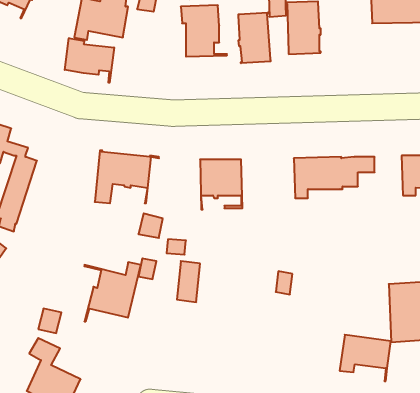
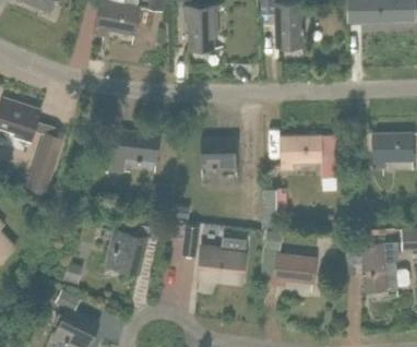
building: [238,12,271,63] -> none
building: [65,38,114,83] -> none
building: none -> [199,237,247,282]
building: [340,335,391,381] -> [273,254,317,294]

